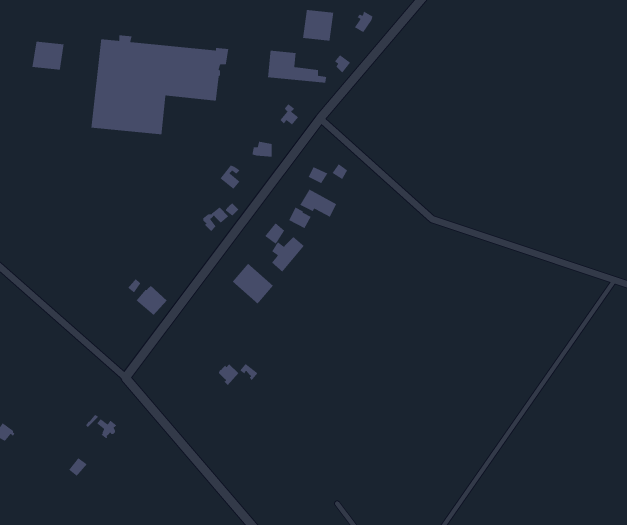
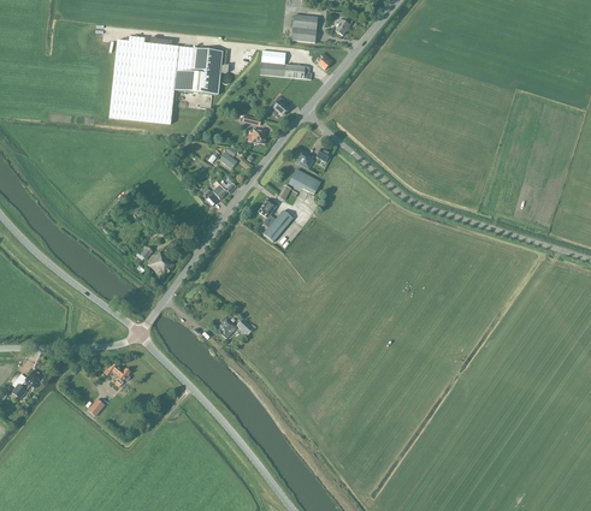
building: [32,41,65,71] -> none
building: [232,263,274,305] -> none

